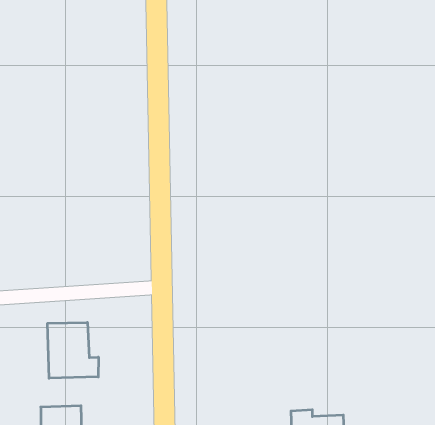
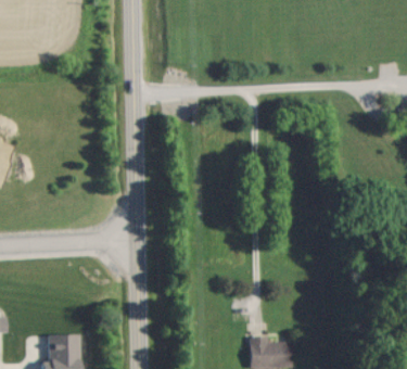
building: [48,322,98,378] -> none

